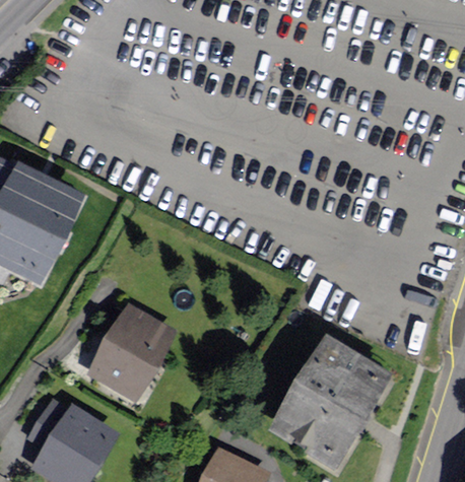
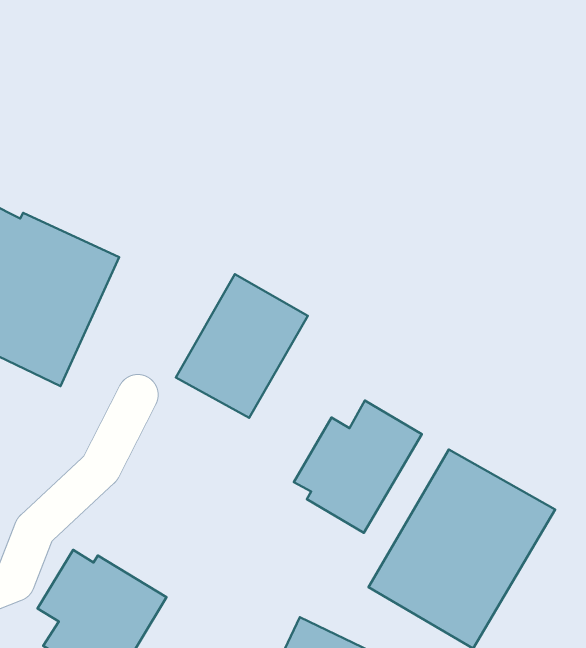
building: none -> [294,401,422,533]
building: [84,304,178,406] -> [176,274,308,418]

